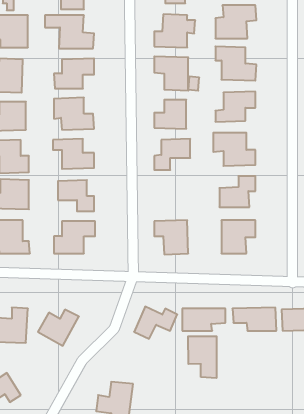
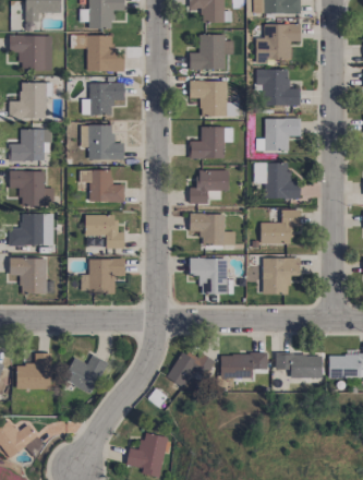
building: none -> [190,214,235,245]
building: [188,336,217,378] -> none

